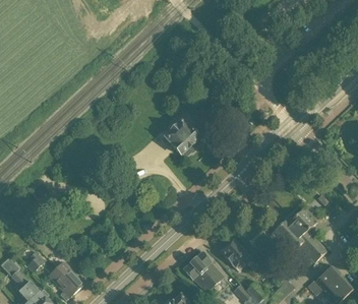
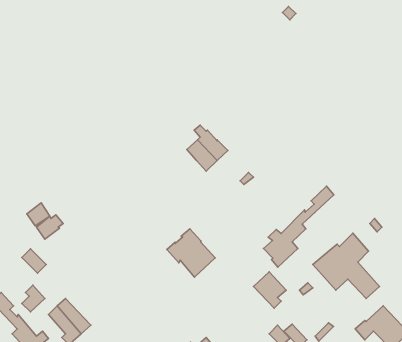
building: none -> [263,186,334,267]
building: [183,251,224,292] -> [167,229,215,277]

